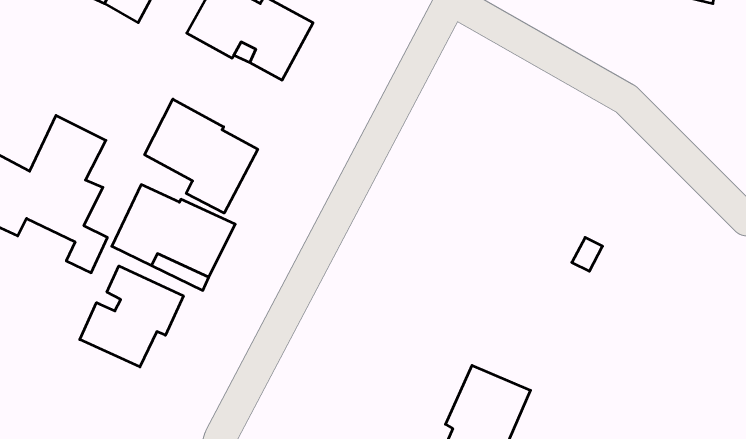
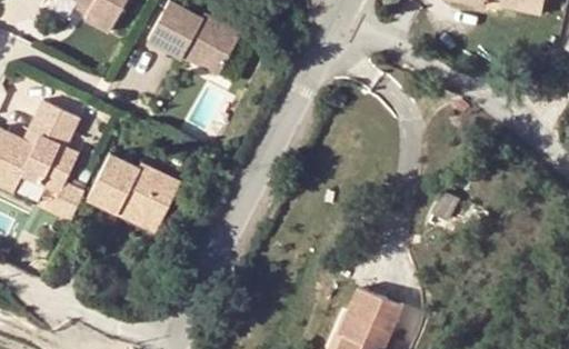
building: [145,99,258,213] -> none
building: [80,266,183,367] -> none

